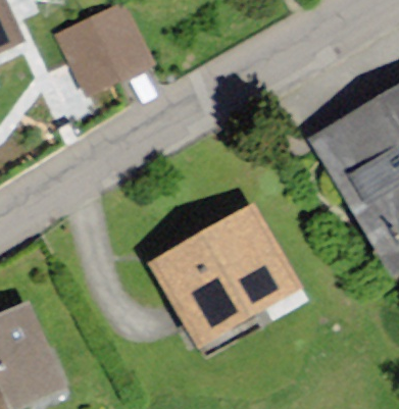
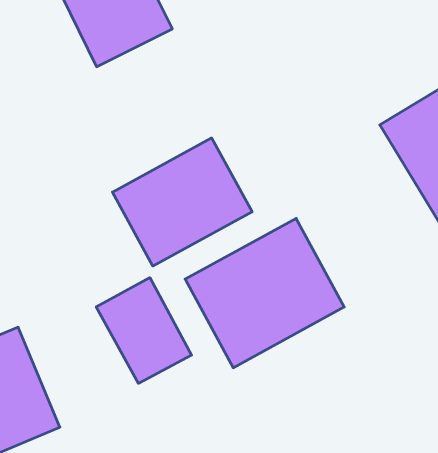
building: none -> [112,138,252,266]
building: none -> [96,278,192,383]

